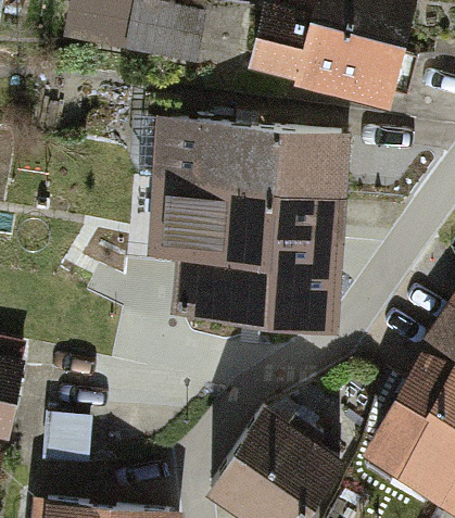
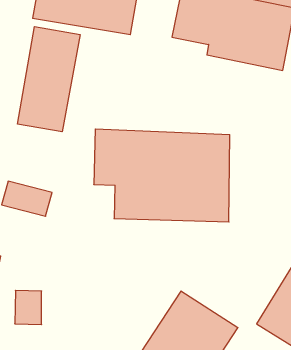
building: none -> [18,27,80,132]
building: [152,126,334,198] -> none

